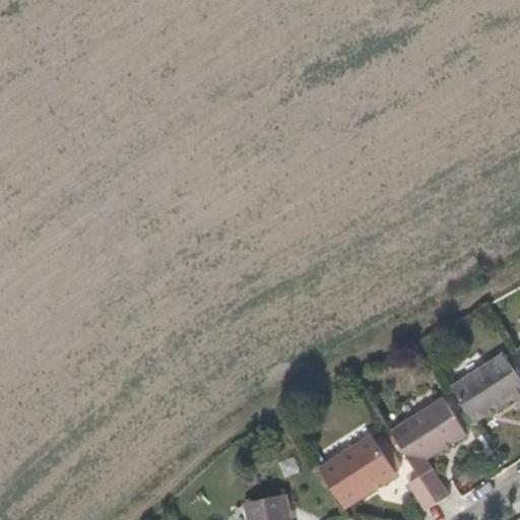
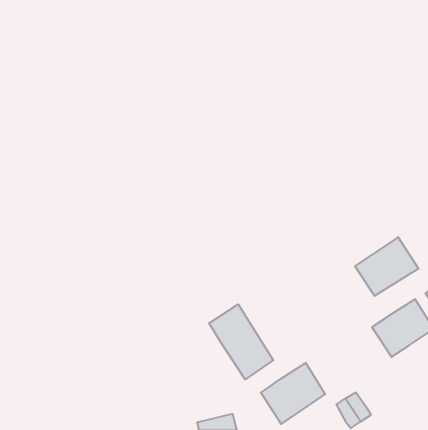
building: none -> [209,304,273,379]
building: [390,395,466,465] -> [355,237,419,296]

